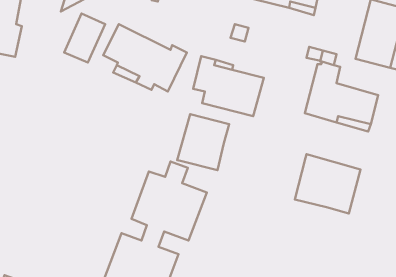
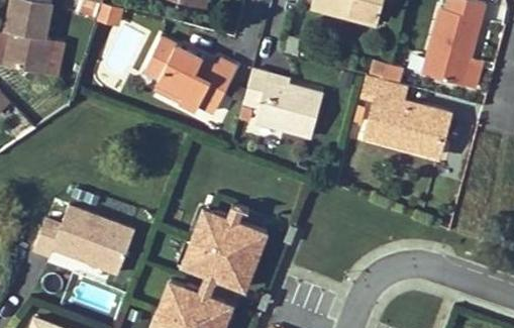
building: [177,114,229,170] -> none
building: [295,154,361,214] -> none
building: none -> [33,204,133,272]

